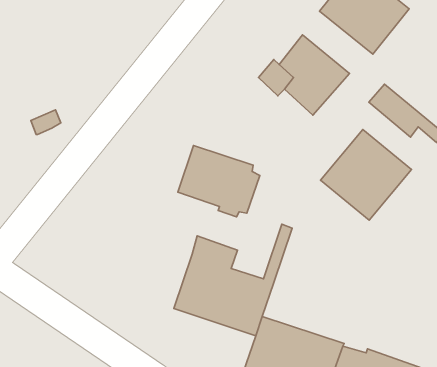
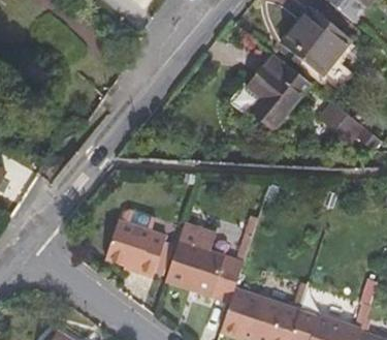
building: [320,129,411,220] -> none
building: [178,146,260,217] -> [105,221,170,278]

